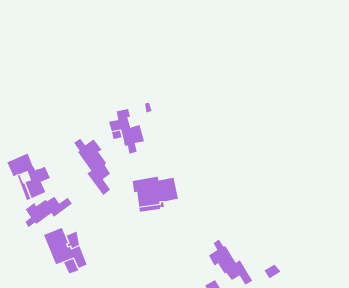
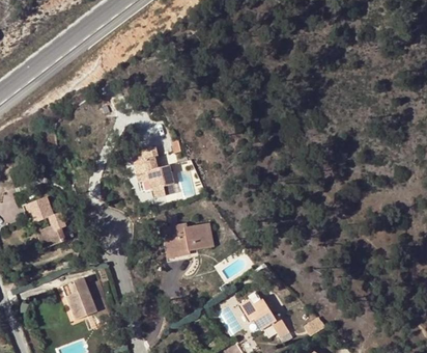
building: [73,138,111,196] -> none
building: [25,196,73,228] -> none

